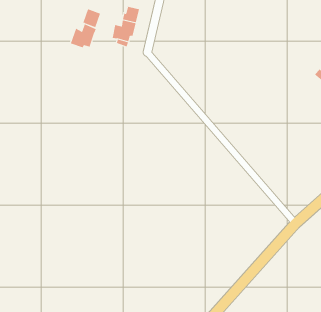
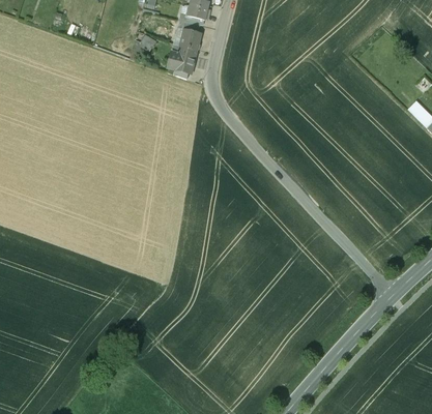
building: [70,23,97,48] -> none

